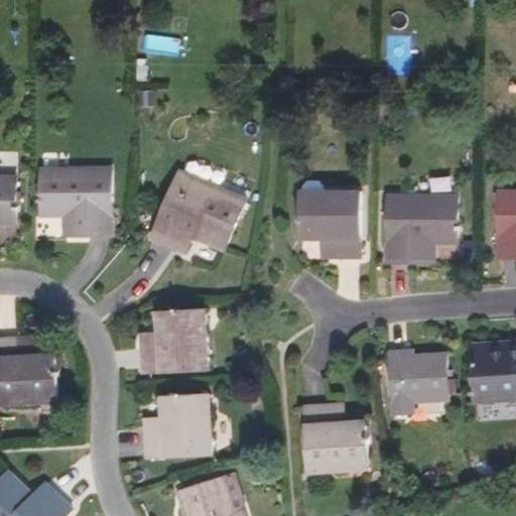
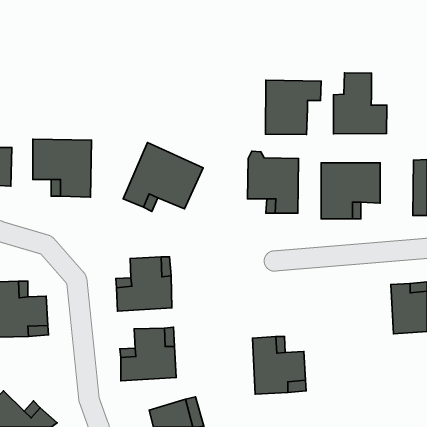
building: none -> [334,73,387,134]
building: none -> [266,80,321,134]
building: [385,350,445,414] -> none

